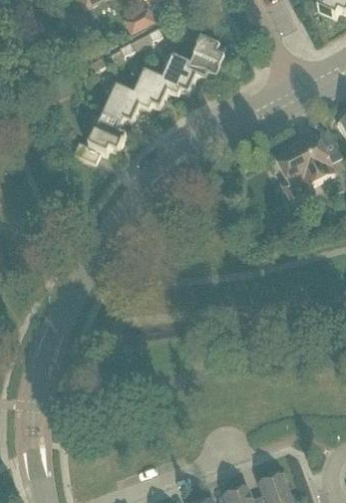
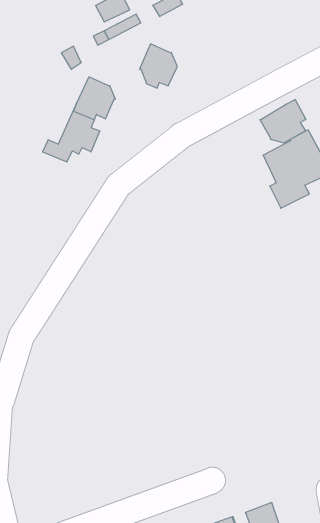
building: [191,36,225,76] -> none
building: [133,66,167,106] -> none
building: none -> [260,100,306,143]

